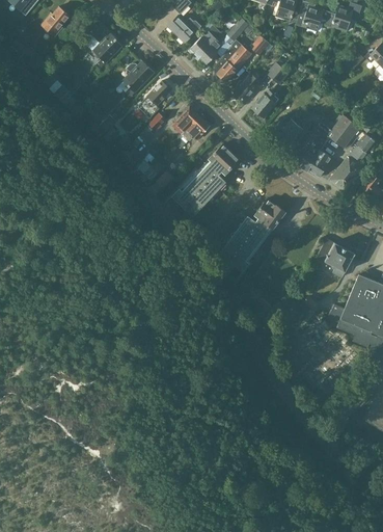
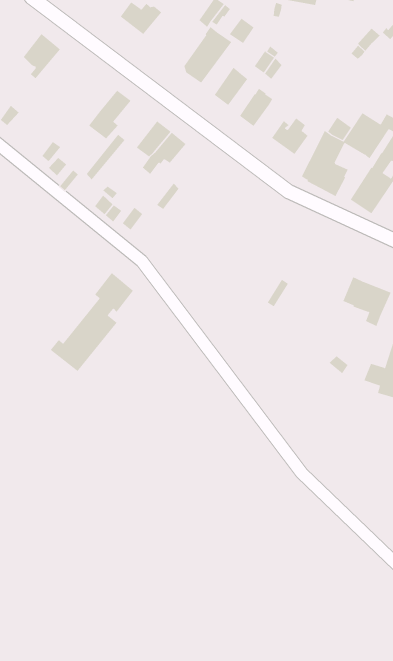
building: [190,22,226,63] -> none
building: [121,60,154,97] -> none
building: [171,143,239,216] -> [50,272,134,372]
building: [220,200,284,272] -> none

